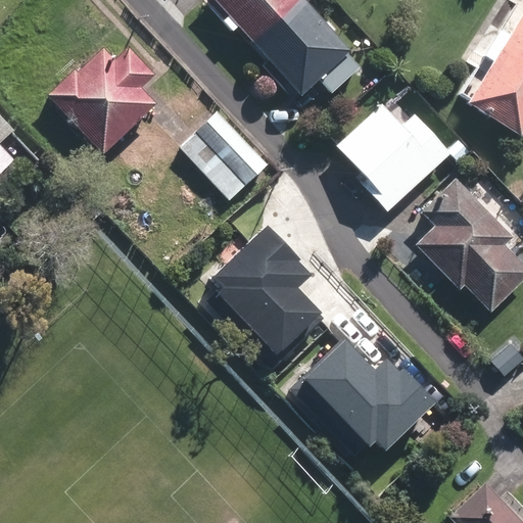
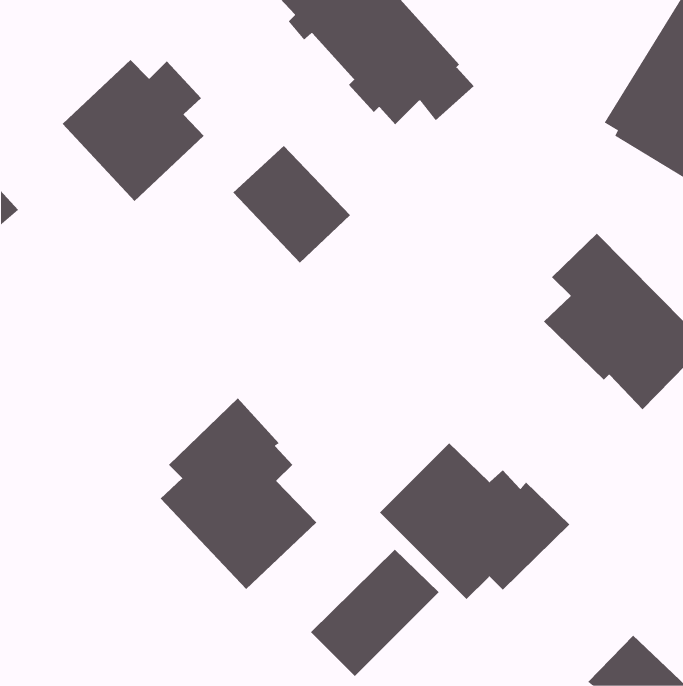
building: [336,103,453,211] -> none
building: [208,224,328,370] -> [160,398,317,590]
building: none -> [310,549,440,677]

